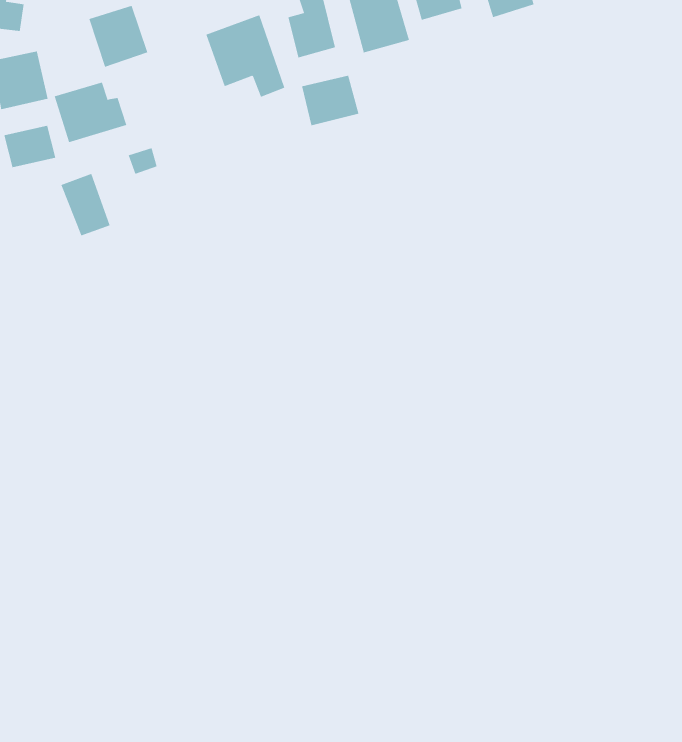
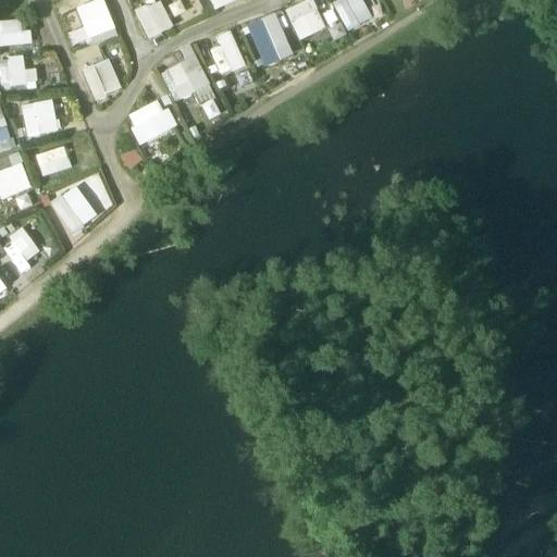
building: [302,75,359,126] -> none
building: [54,82,127,143] -> [125,100,176,144]
building: none -> [50,185,96,233]

